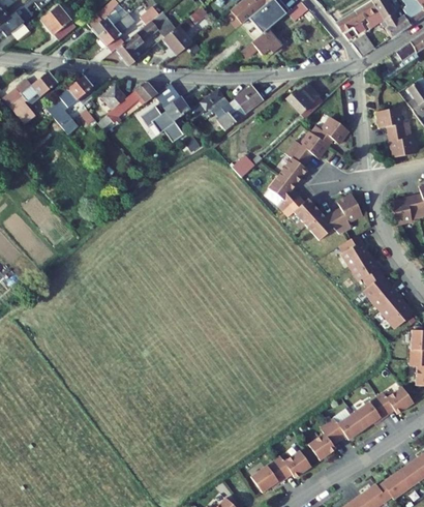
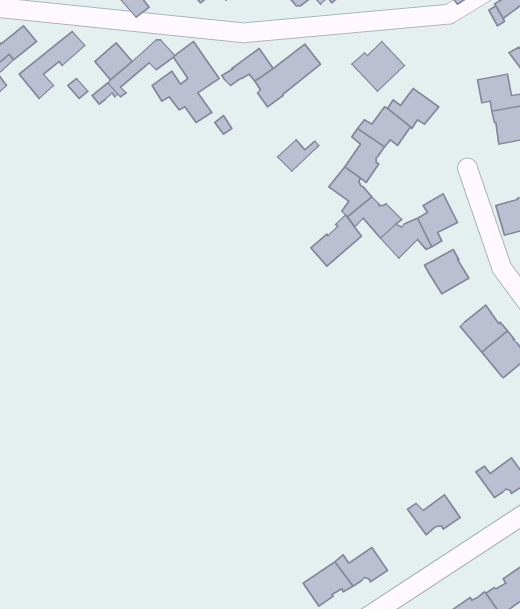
building: none -> [311,215,361,266]
building: [351,255,383,287] -> none
building: [353,395,389,428] -> none
building: [308,422,339,460] -> none

